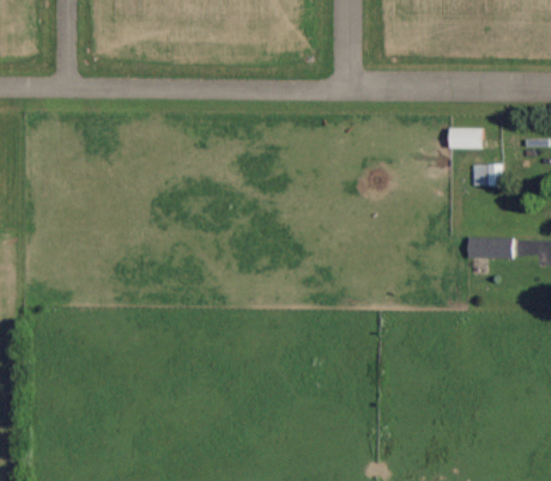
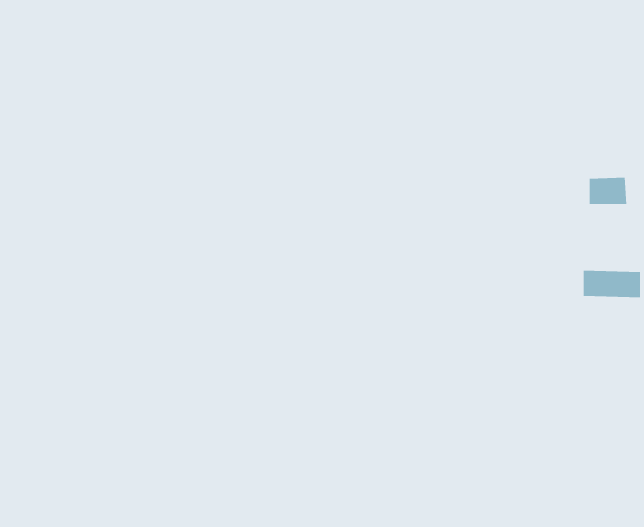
building: [448,128,482,150] -> none

